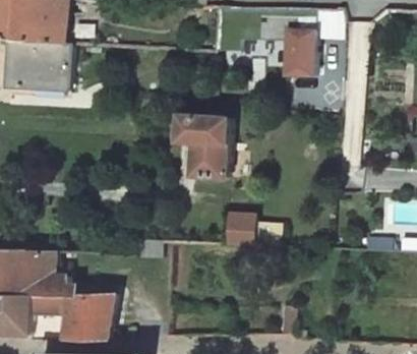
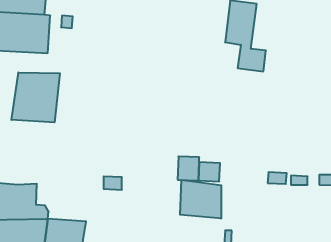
building: none -> [11,72,60,122]
building: [179,114,229,176] -> none
building: none -> [180,180,221,219]

